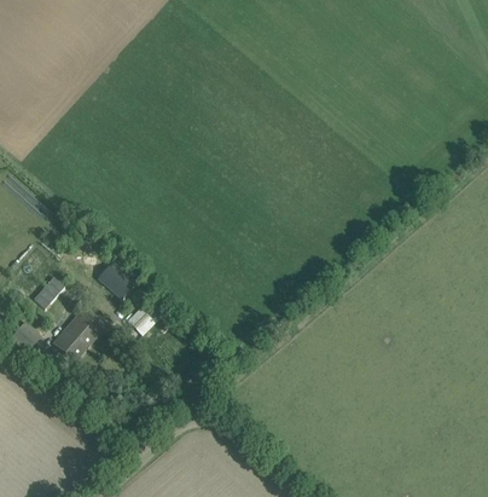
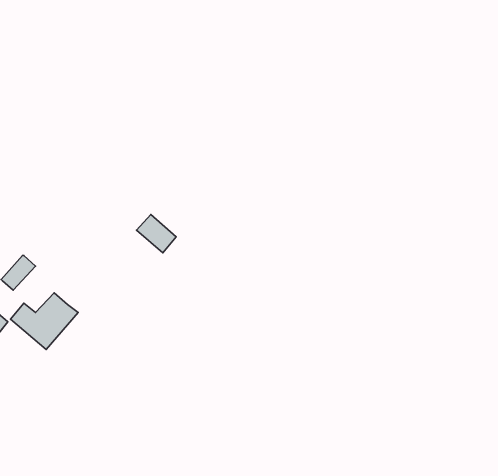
building: [98,264,134,299] -> [136,214,176,253]

